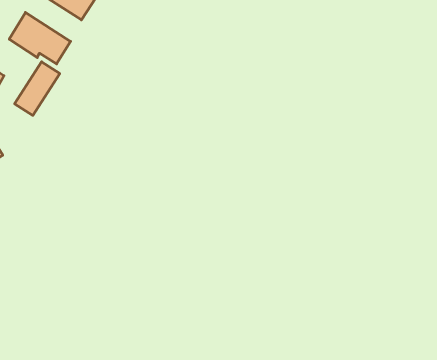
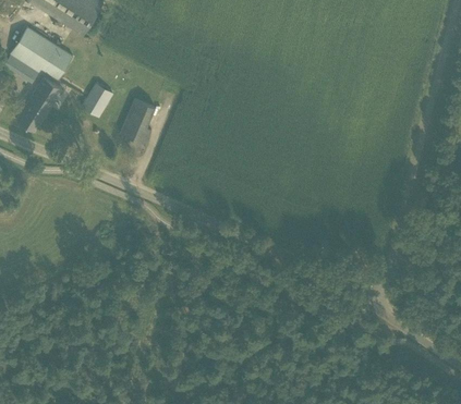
building: none -> [82,83,114,117]
building: none -> [120,98,156,143]

